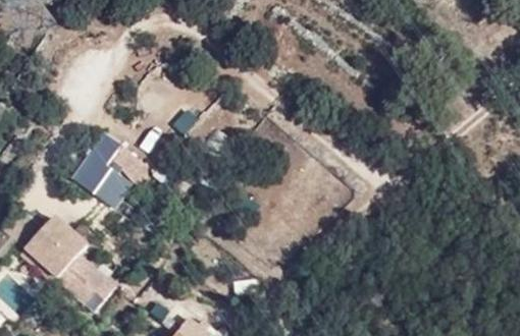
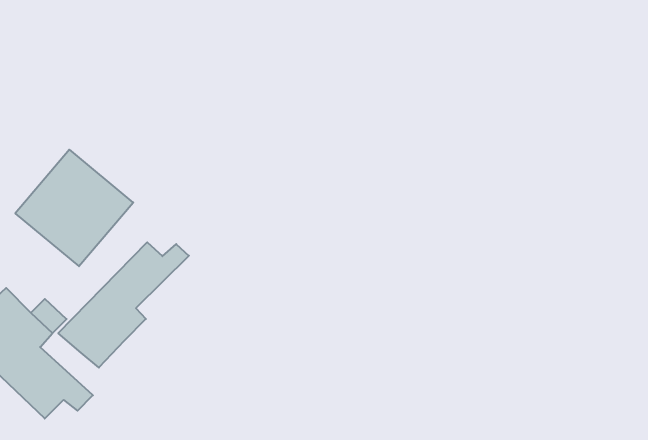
building: none -> [58,242,189,368]

